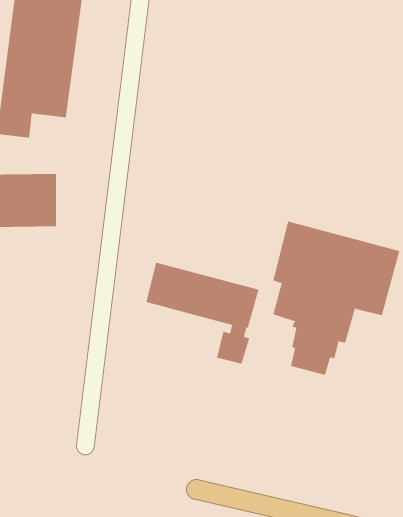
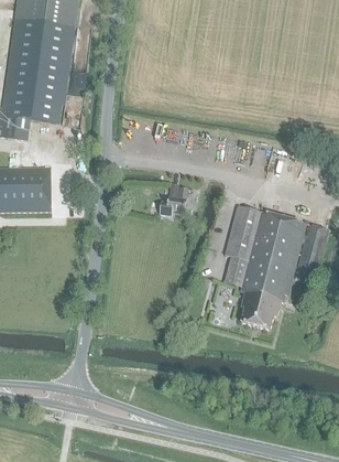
building: none -> [160,187,189,215]
building: [146,262,259,365] -> none

